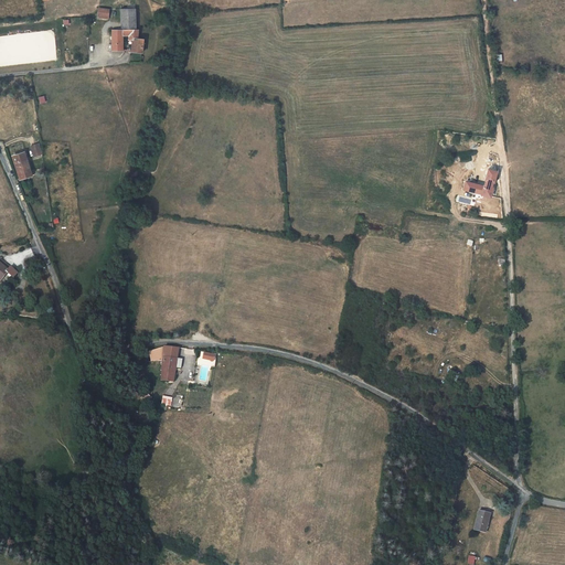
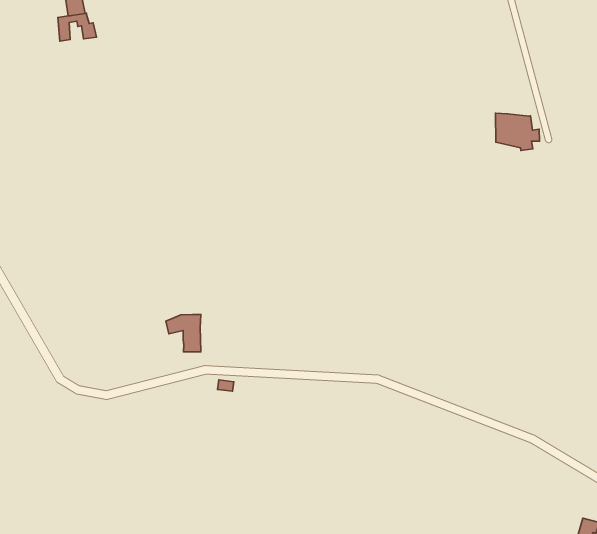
building: [149,348,179,381] -> [166,314,201,352]

